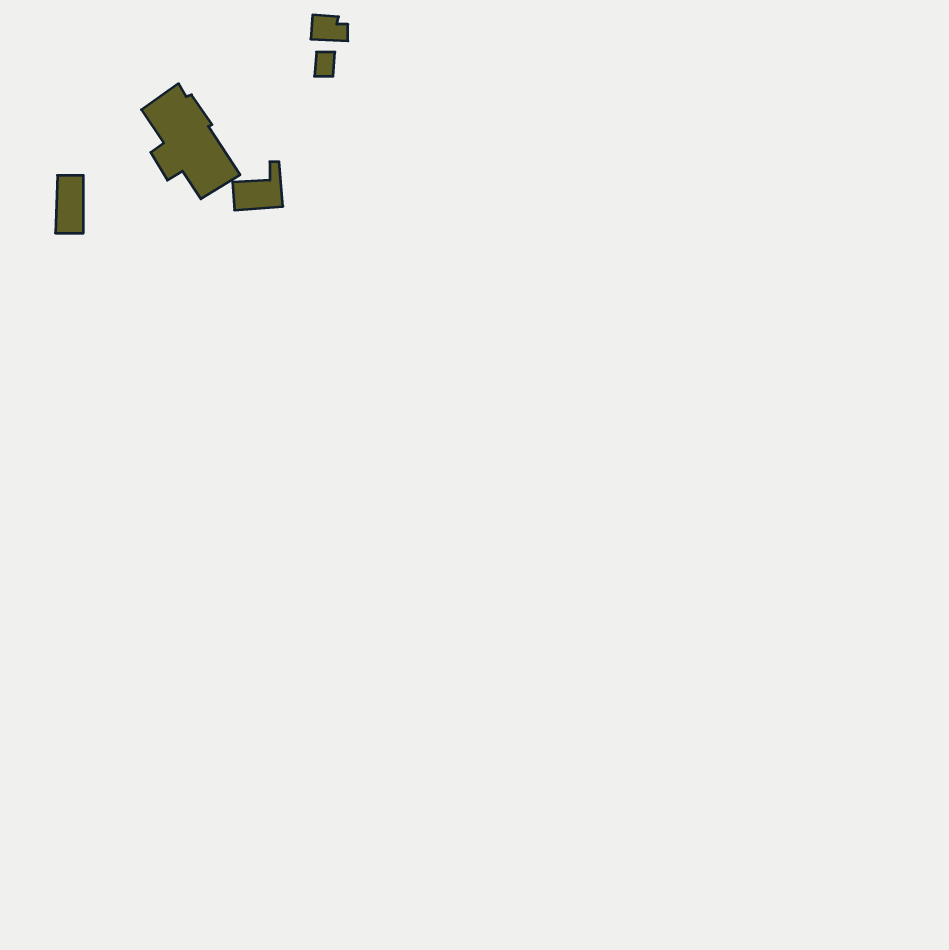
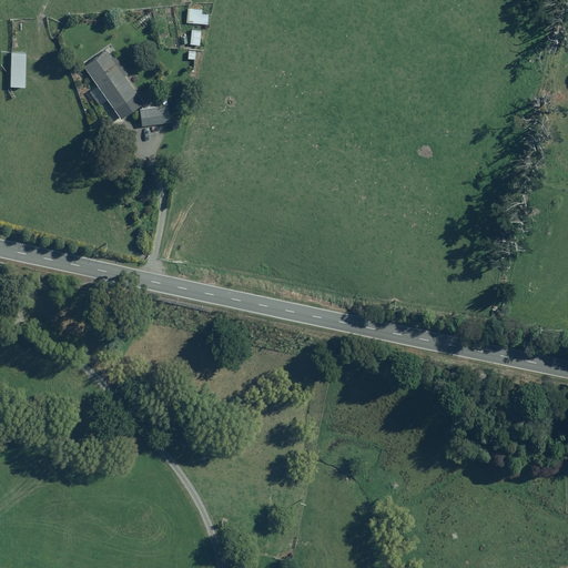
building: [55,175,83,233] -> [9,52,26,87]

